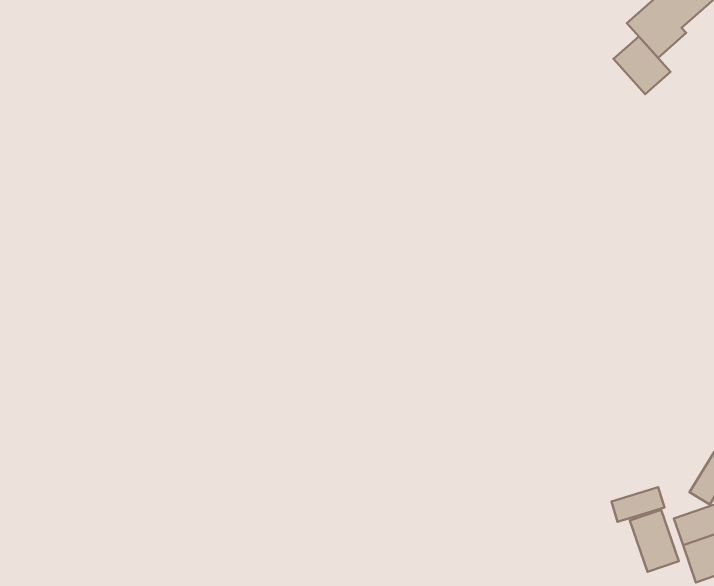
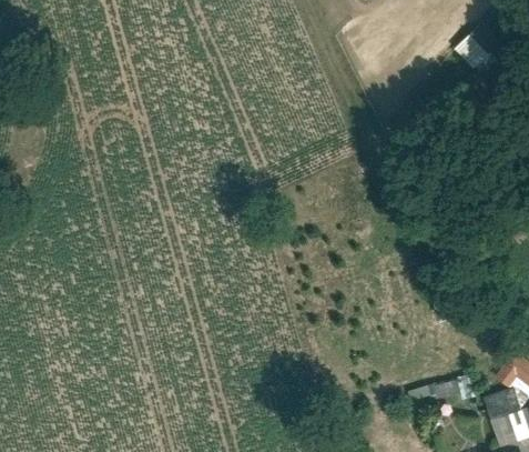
building: [613,36,670,94] -> none
building: [630,510,679,572] -> none

